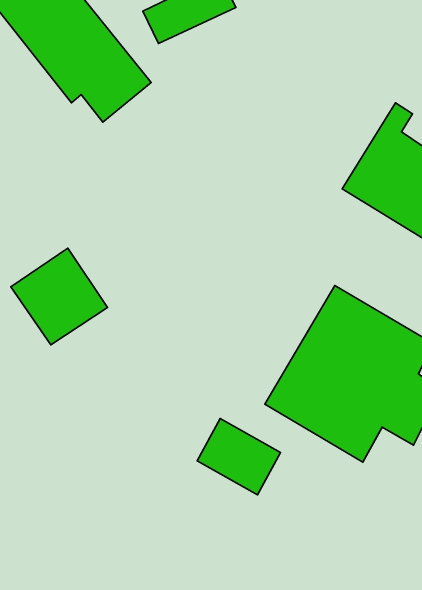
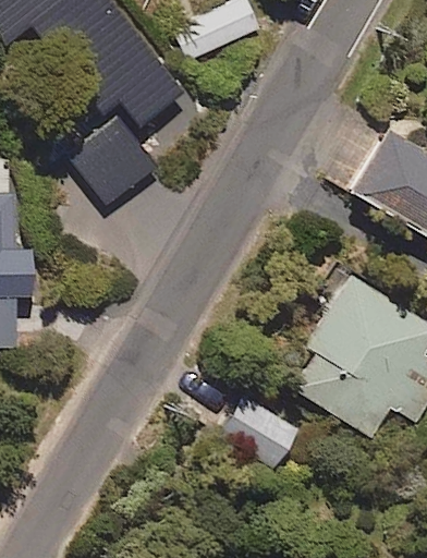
building: [11,248,108,345] -> [69,117,156,204]

